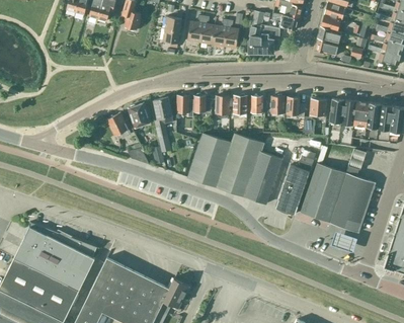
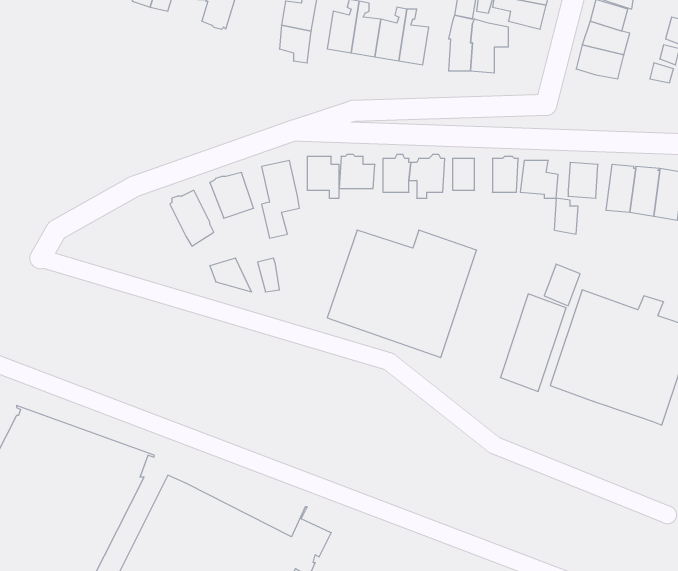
building: [245,139,280,204] -> none

